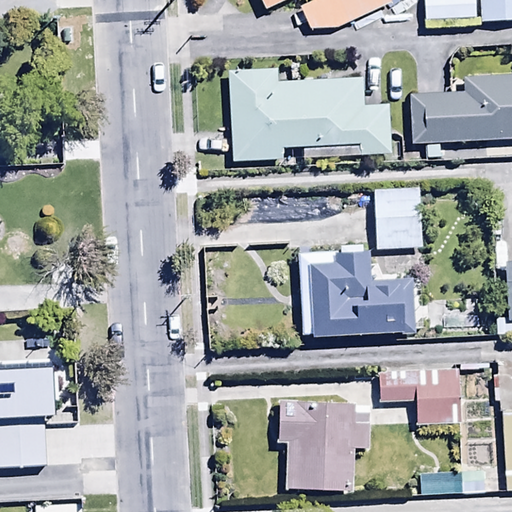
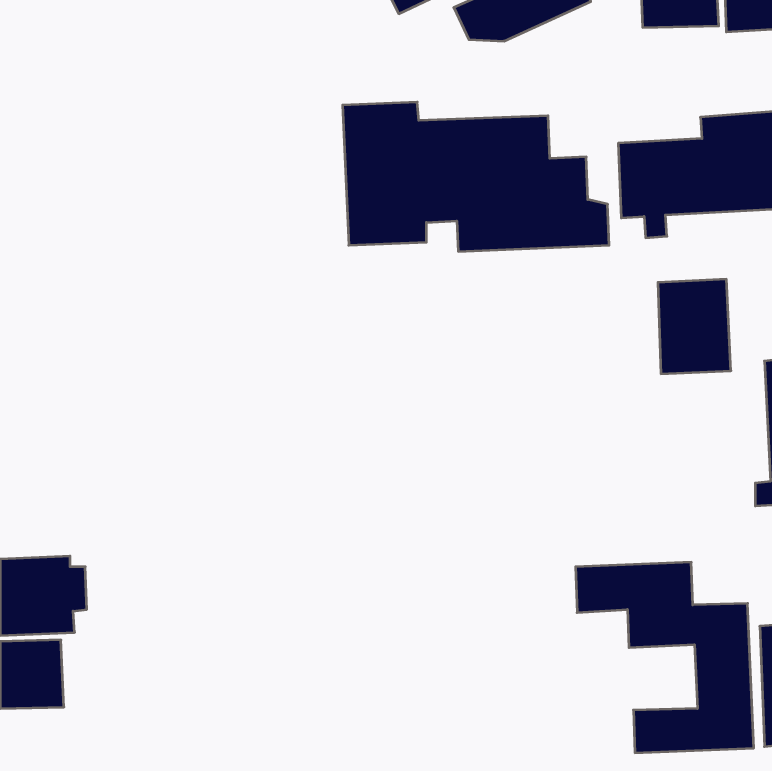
building: [375,186,423,248] -> [658,279,731,374]
building: [299,243,415,336] -> none
building: [279,401,370,491] -> none

